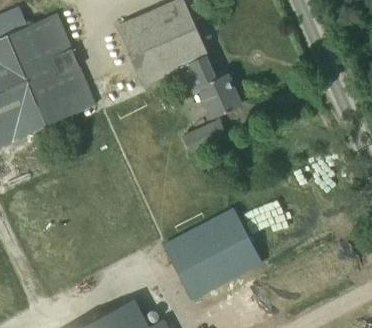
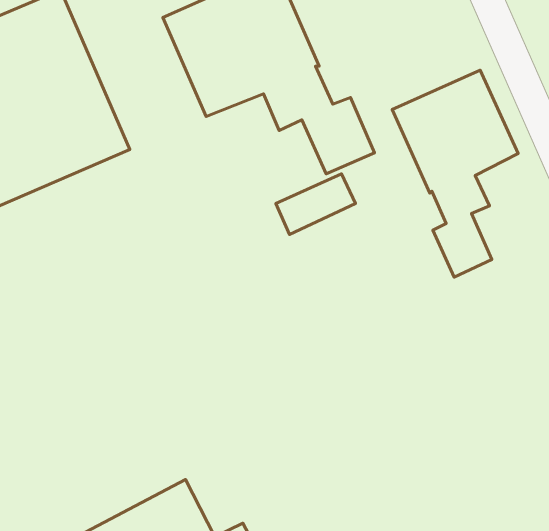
building: none -> [392,70,518,277]
building: [163,207,263,300] -> none

